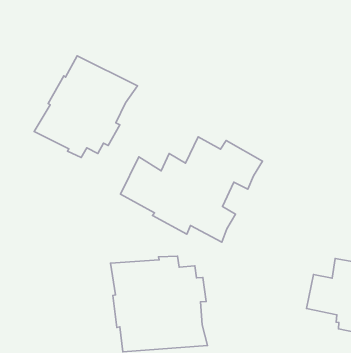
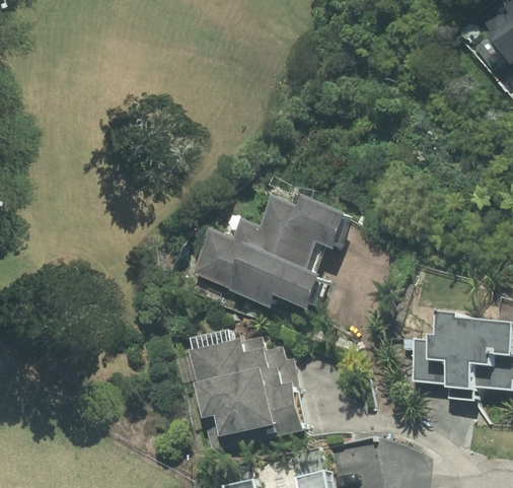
building: [34,56,137,157] -> none

